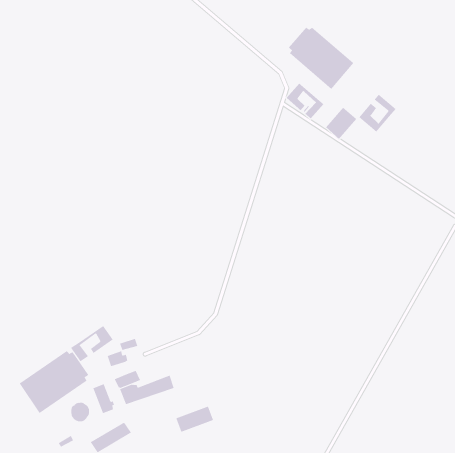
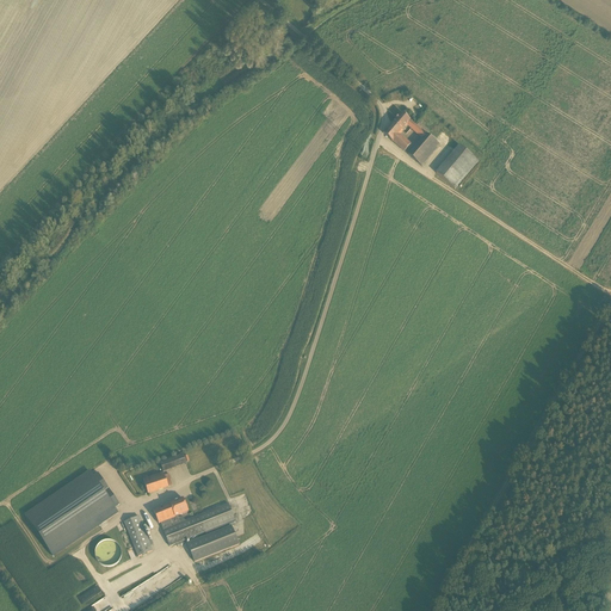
building: [288,27,354,90] -> none
building: [358,94,397,132] -> none
building: [70,325,113,362] -> none
building: [176,406,214,433] -> [187,524,239,560]

